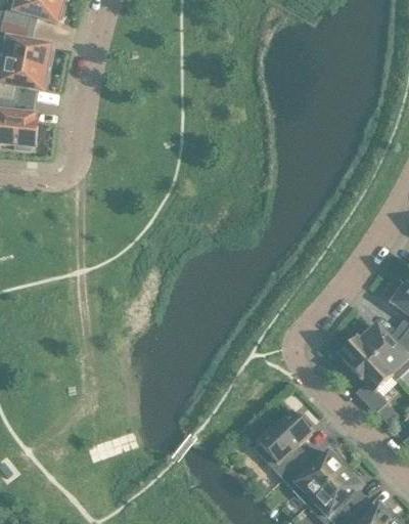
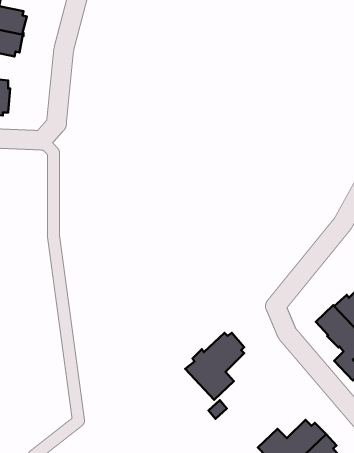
building: [254,411,312,478] -> [185,333,244,400]

